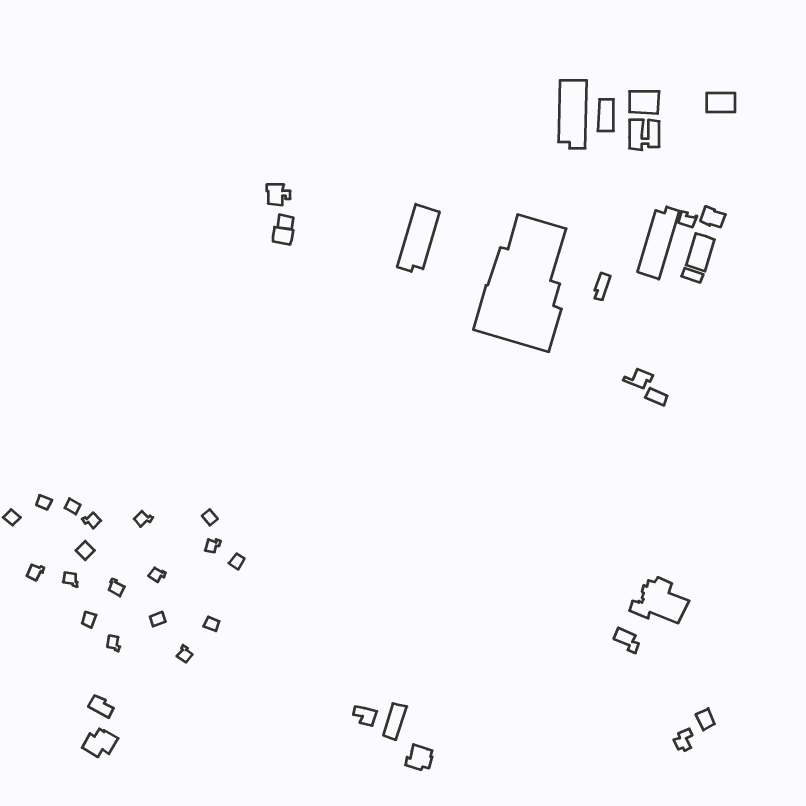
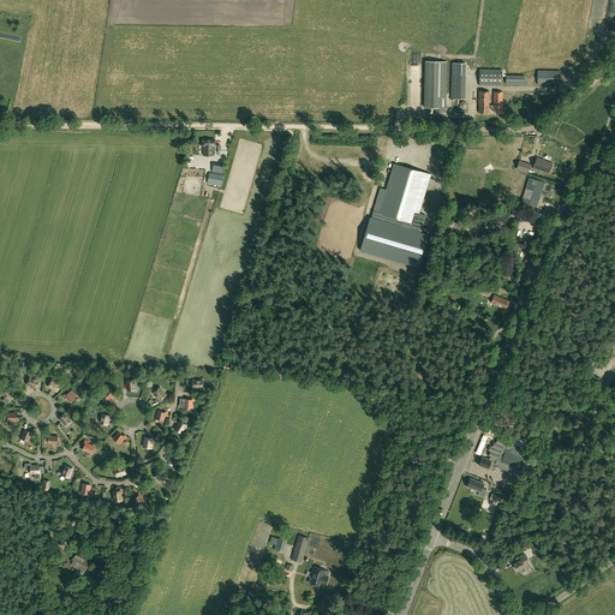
building: [397,204,439,272] -> none
building: [638,207,679,279] -> none

